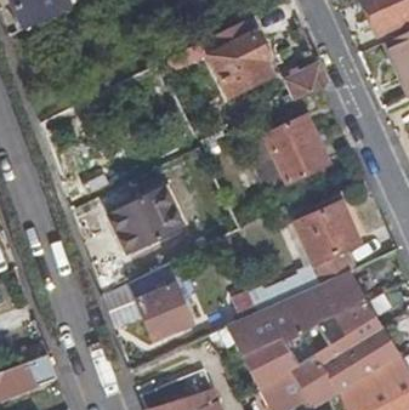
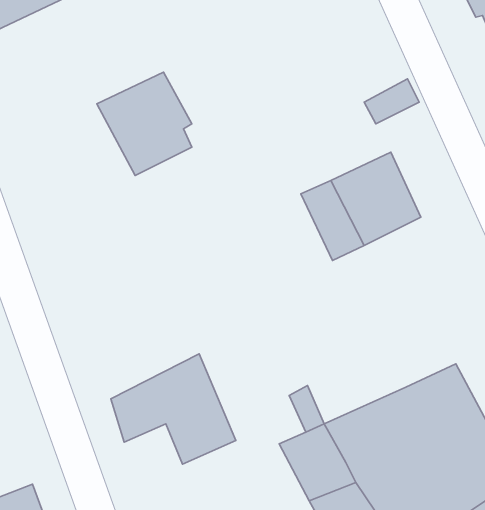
building: [201,17,271,92] -> [97,72,192,176]
building: [112,184,186,250] -> none
building: [294,201,359,286] -> none

